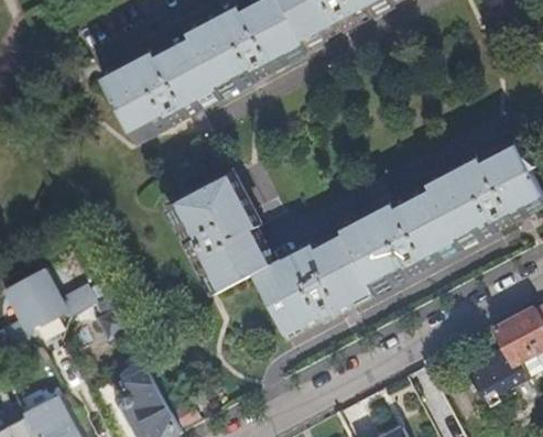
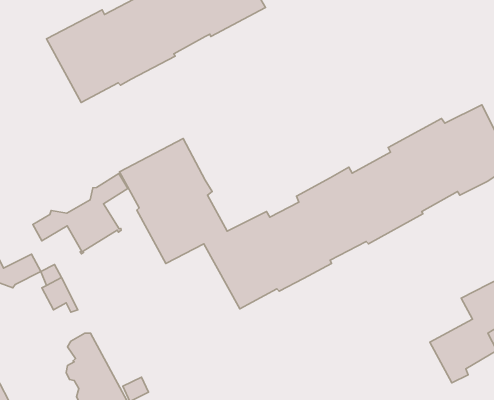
building: none -> [33,174,128,254]

